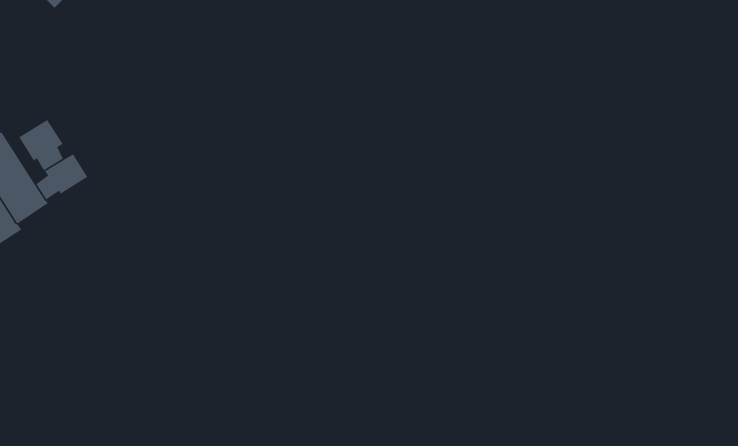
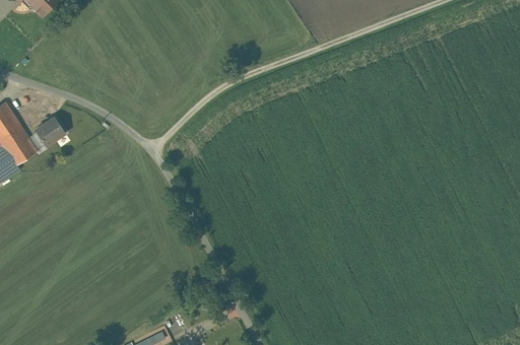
building: [19,119,64,171] -> none

